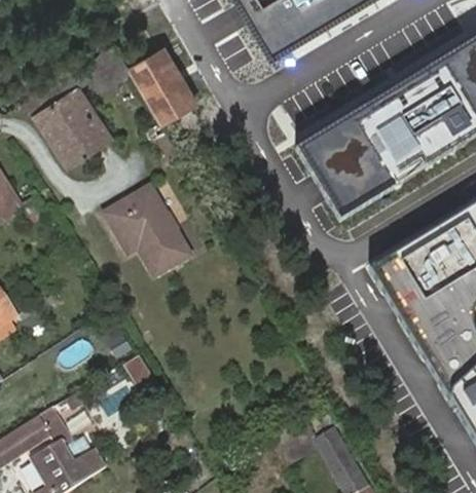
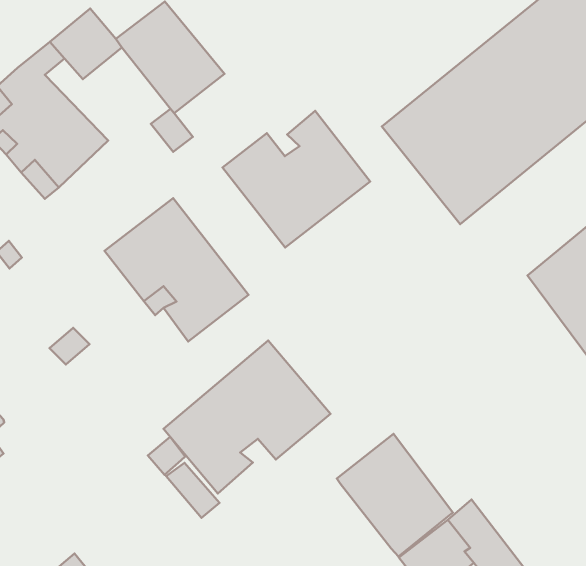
building: none -> [223,111,370,247]
building: none -> [163,341,331,494]
building: none -> [337,434,453,556]

